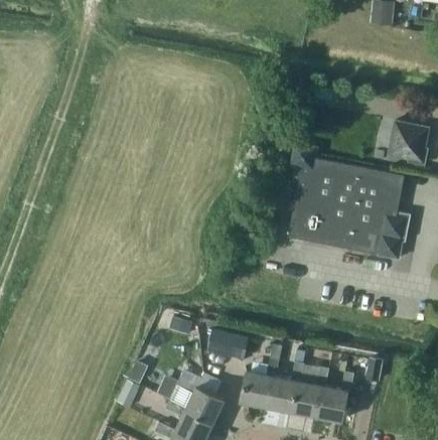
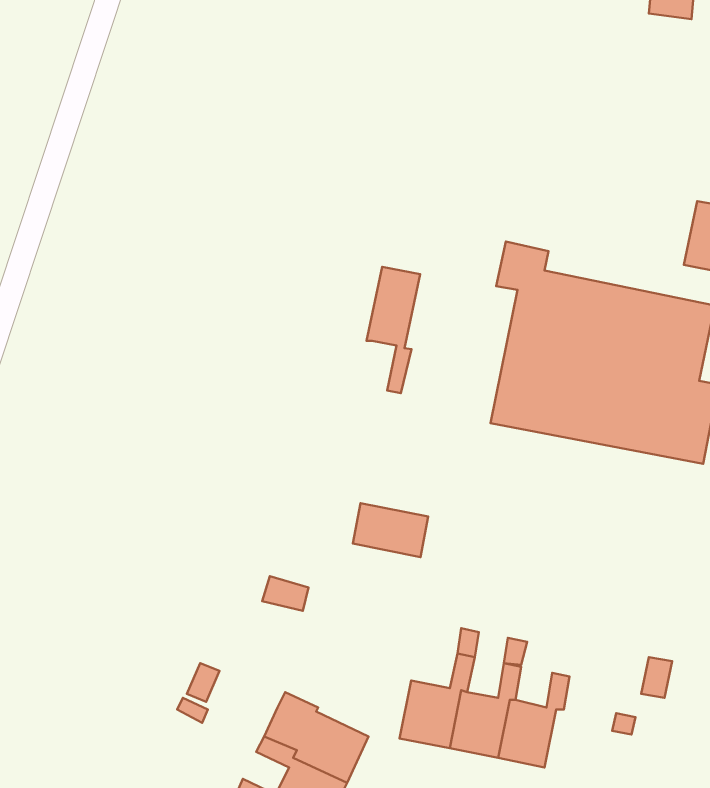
building: none -> [367,267,420,393]
building: [207,329,247,357] -> [353,503,428,557]
building: [315,373,353,422] -> none

